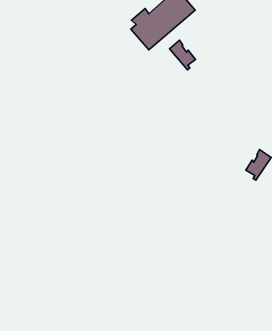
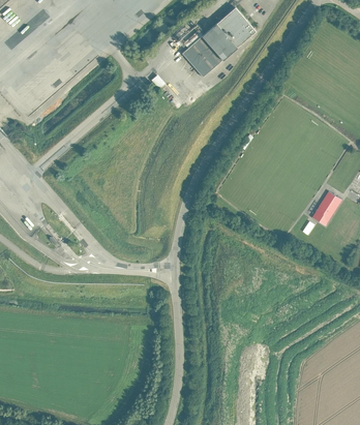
building: [170,40,196,70] -> none

